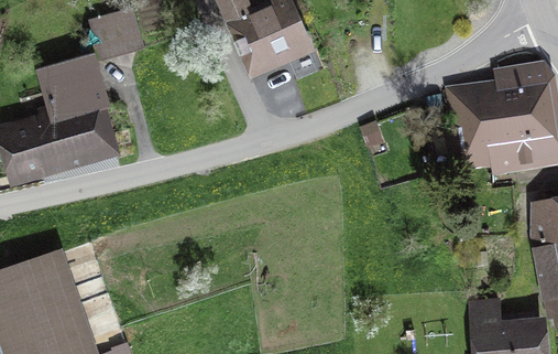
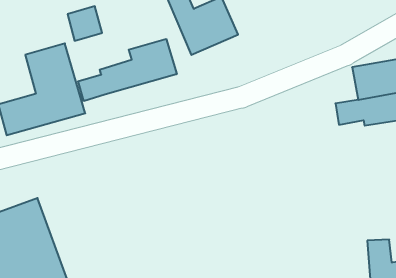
building: none -> [78,39,177,101]

